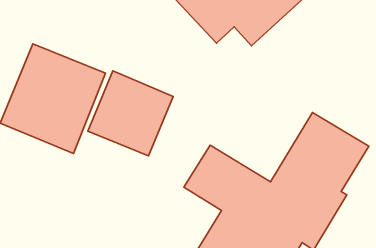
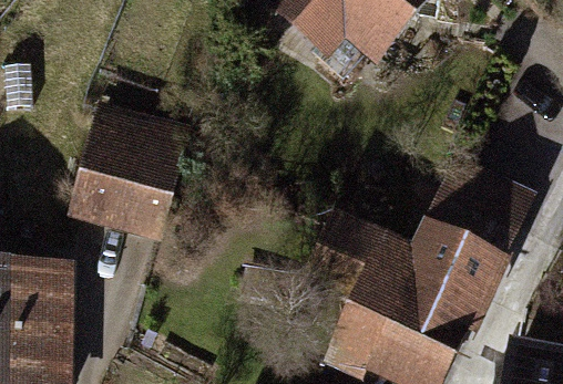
building: [88,71,173,156] -> none

